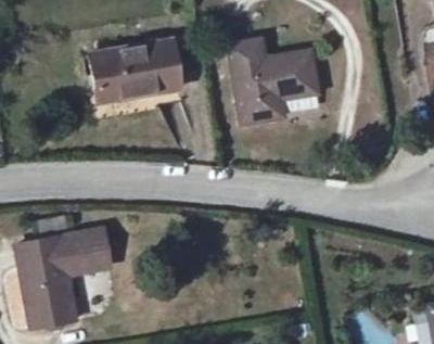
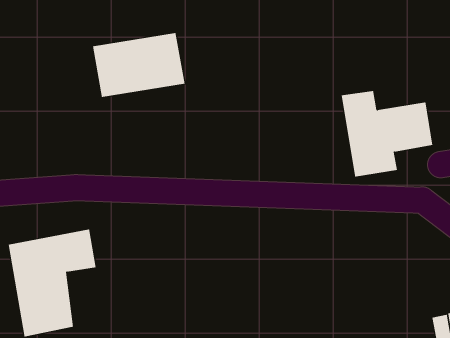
building: [230,41,318,124] -> [341,90,433,177]

